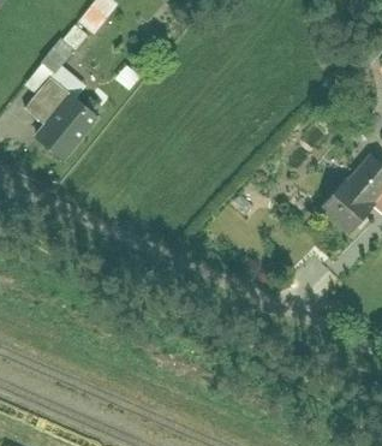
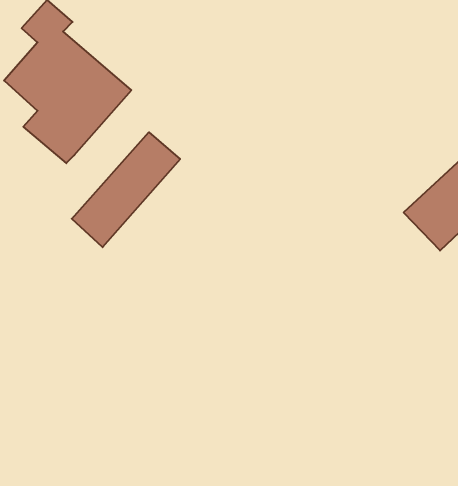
building: none -> [72,132,180,247]

